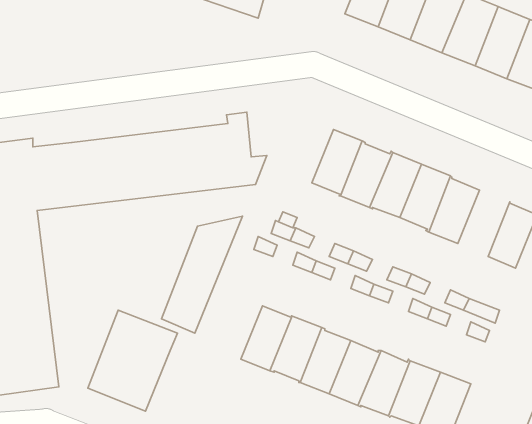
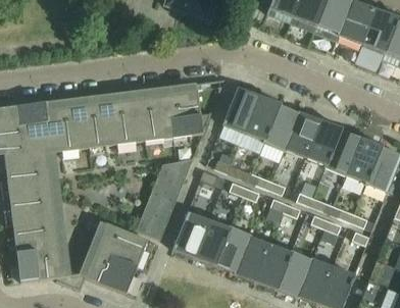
building: none -> [222,87,258,133]
building: none -> [346,138,383,185]
building: none -> [172,211,208,257]

